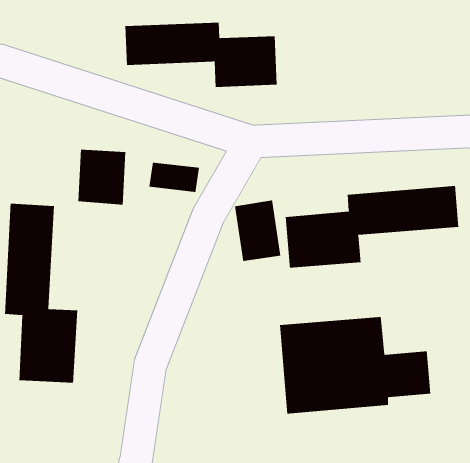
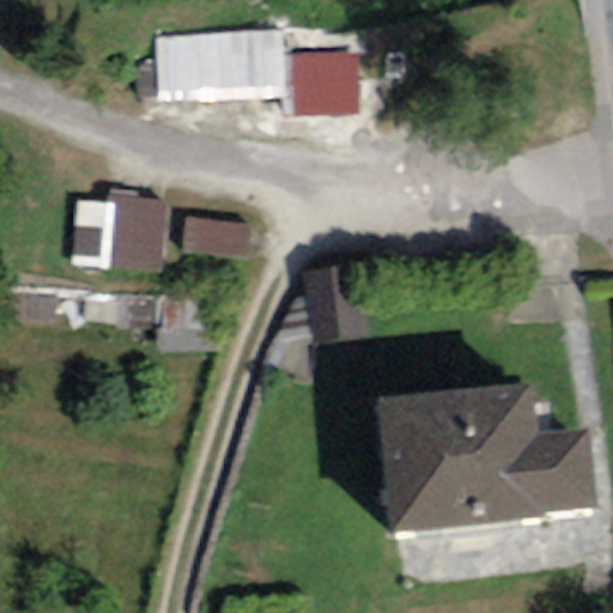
building: [285,185,459,268] -> none
building: [4,203,78,384] -> none

